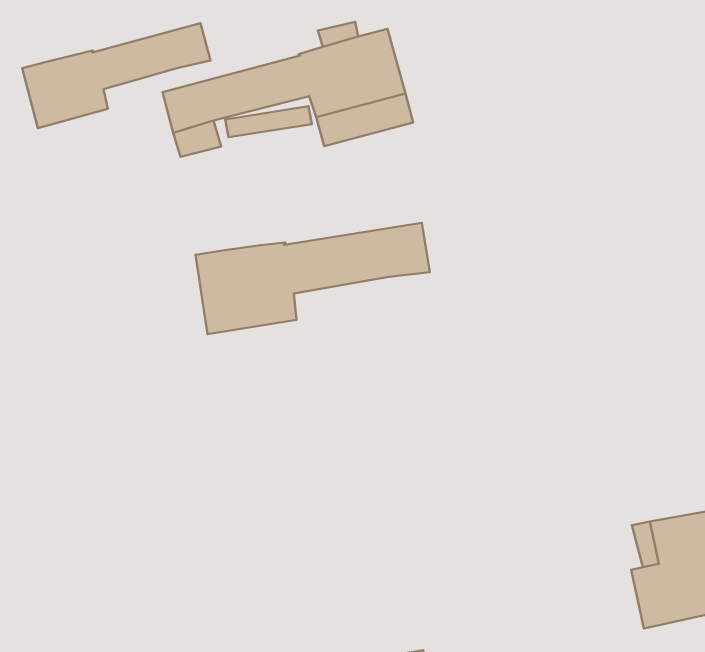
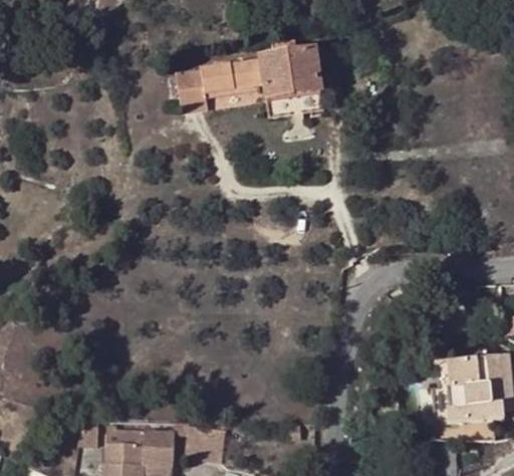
building: [22,23,211,128] -> none
building: [196,223,430,334] -> none

